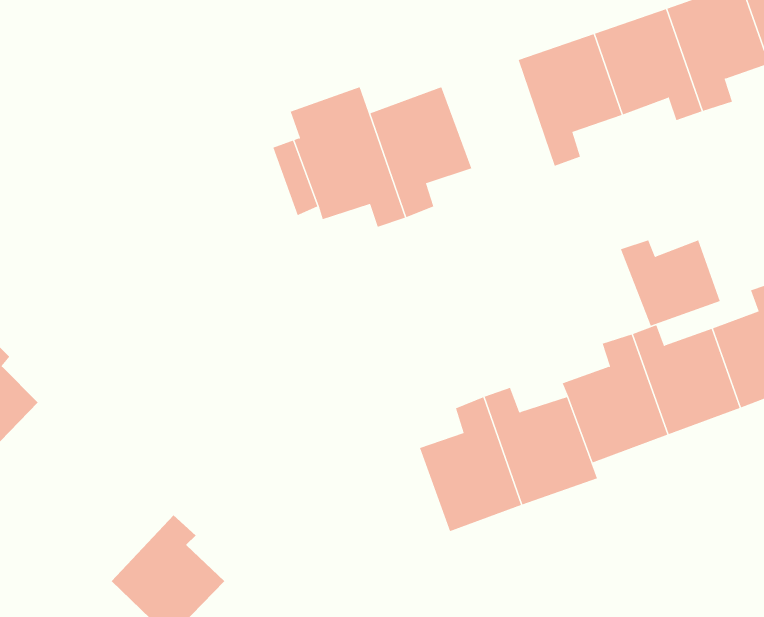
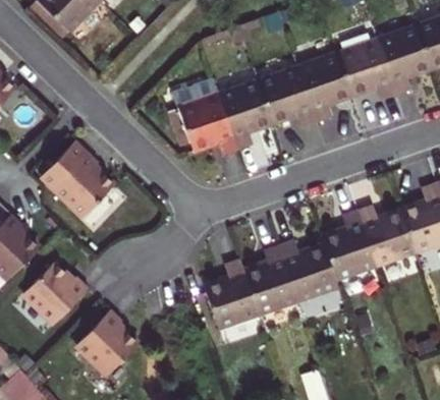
building: none -> [257,65,317,127]
building: none -> [42,137,113,213]
building: [620,239,721,327] -> none
building: none -> [203,261,261,332]
building: none -> [25,262,92,324]

